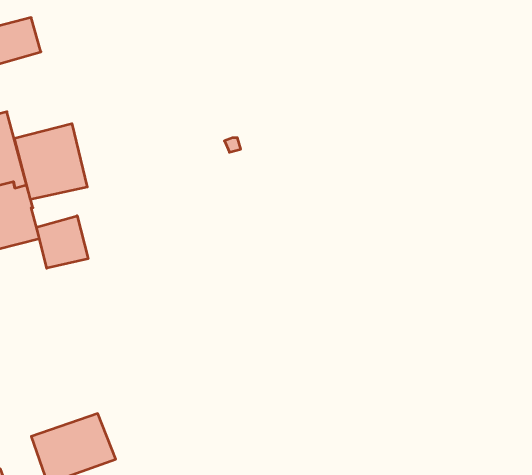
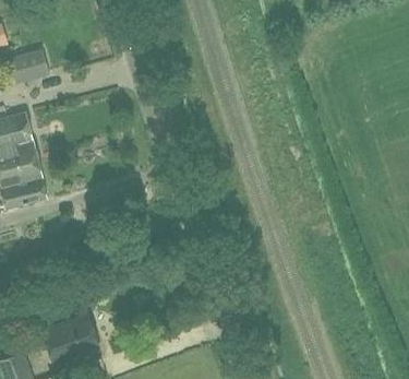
building: [15,124,87,200] -> none
building: [37,216,88,268] -> none

